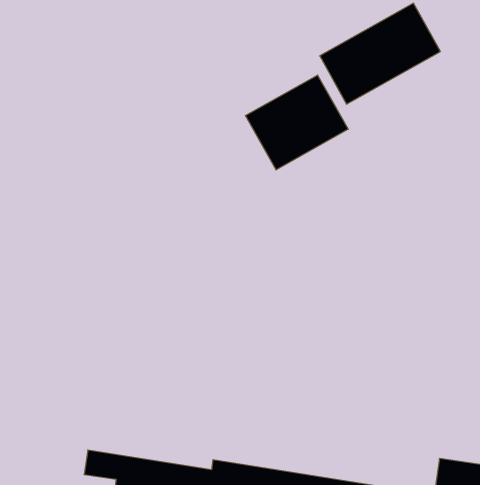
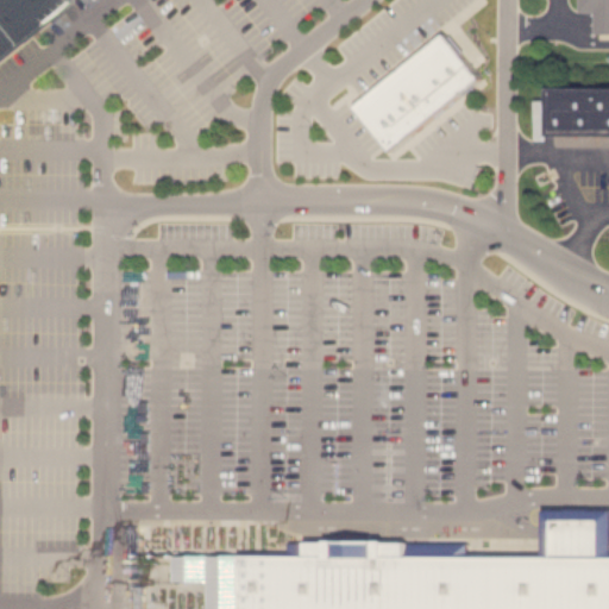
building: [245,75,348,170] -> none

